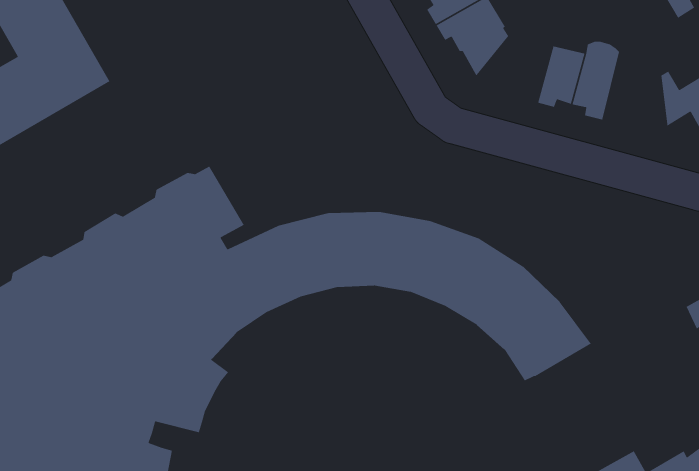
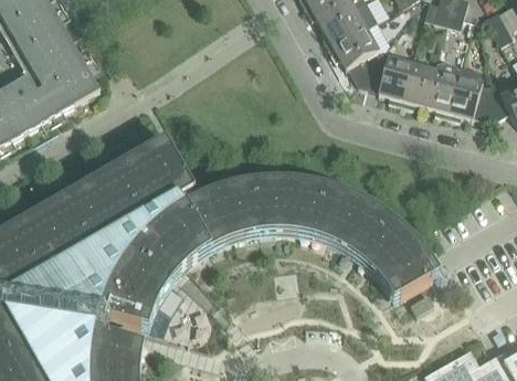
building: none -> [357,55,411,103]
building: none -> [446,64,492,119]

